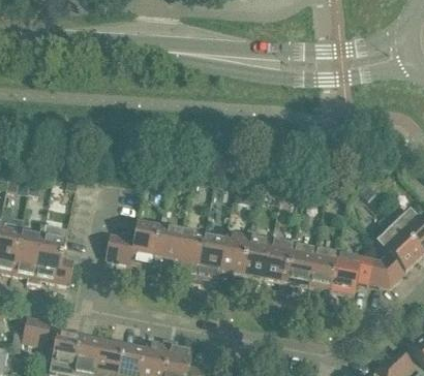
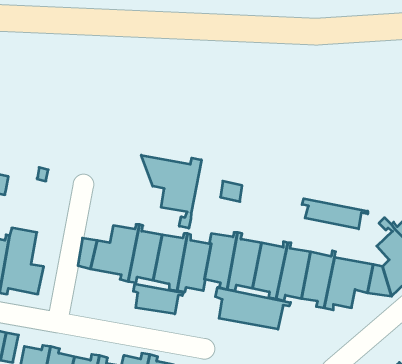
building: none -> [141,155,201,228]
building: none -> [302,199,368,229]
building: none -> [133,284,183,314]
building: none -> [215,287,291,329]

